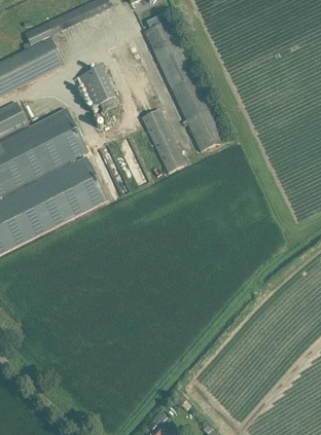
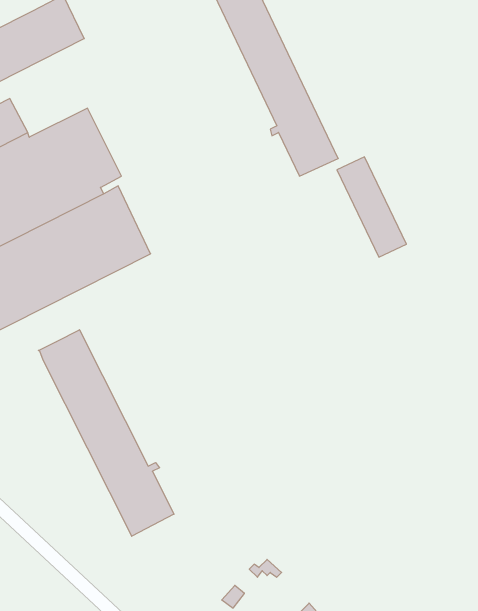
building: [73,66,115,111] -> none
building: [140,109,184,173] -> [337,157,406,257]
building: none -> [38,330,174,536]

